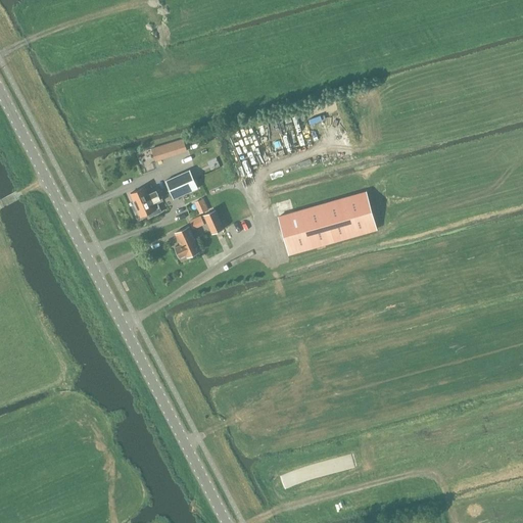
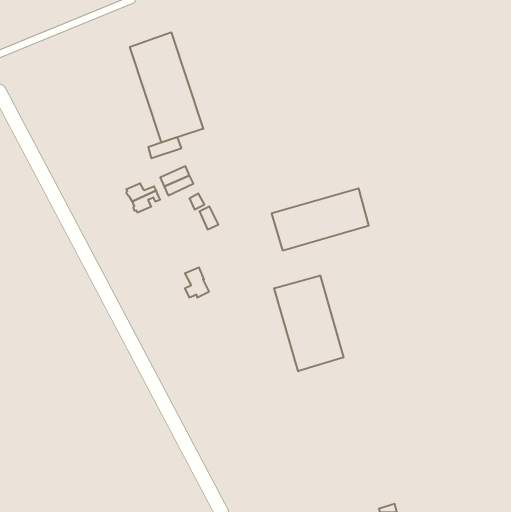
building: none -> [130,32,203,142]
building: [174,227,198,257] -> [185,267,209,297]
building: none -> [274,275,343,371]

